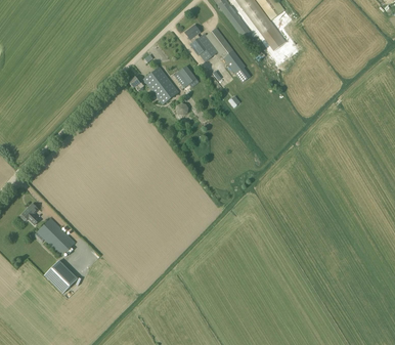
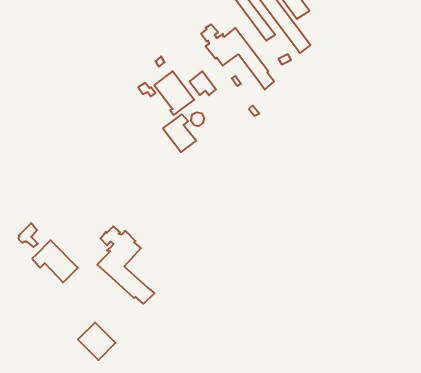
building: none -> [163,114,196,152]
building: none -> [97,226,155,304]
building: [44,259,78,293] -> [78,322,116,360]

